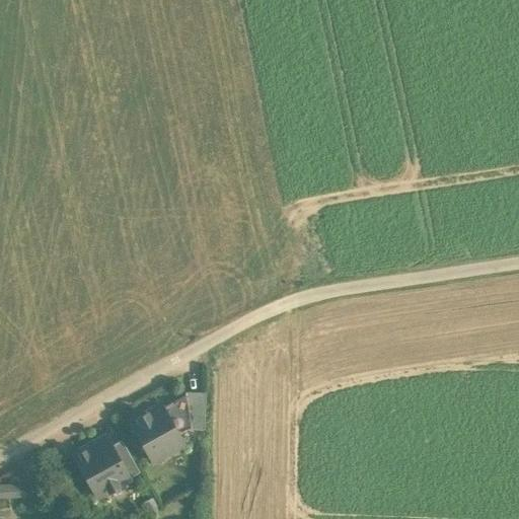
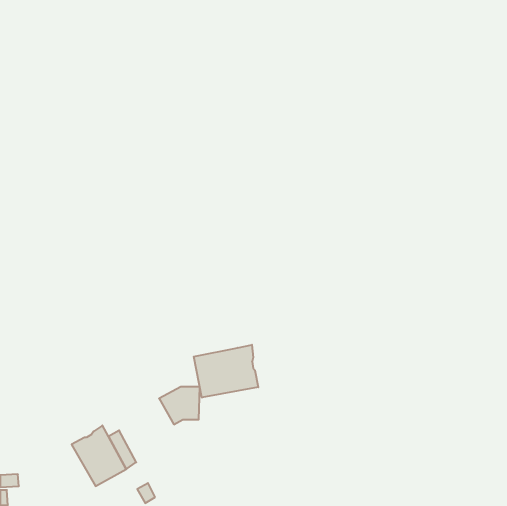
building: none -> [194,345,258,398]
building: [131,409,183,462] -> none

